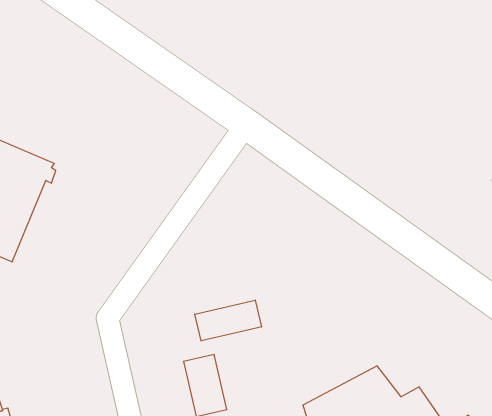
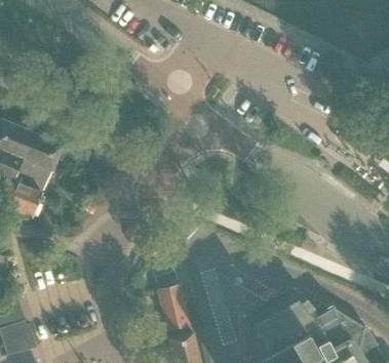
building: [195,300,262,341] -> none

